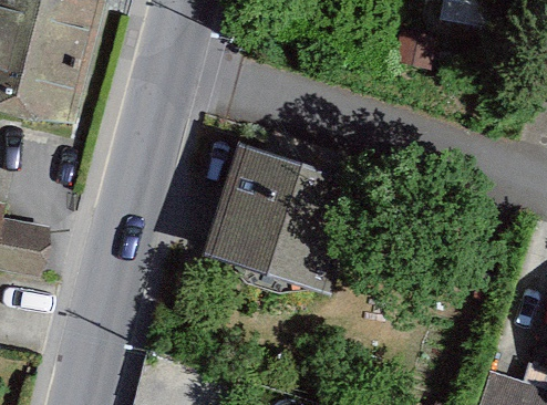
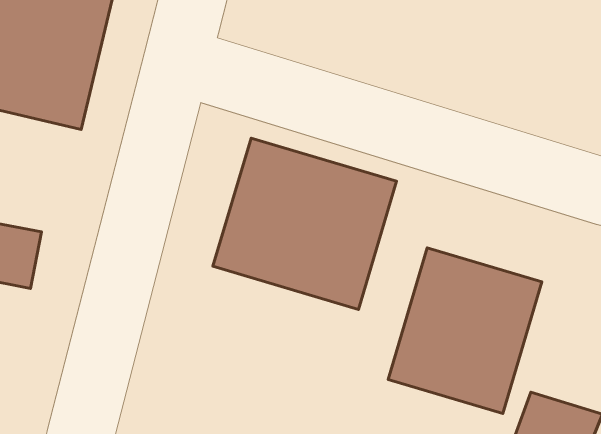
building: none -> [388,248,542,414]

